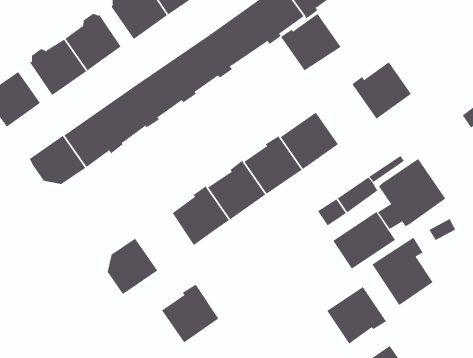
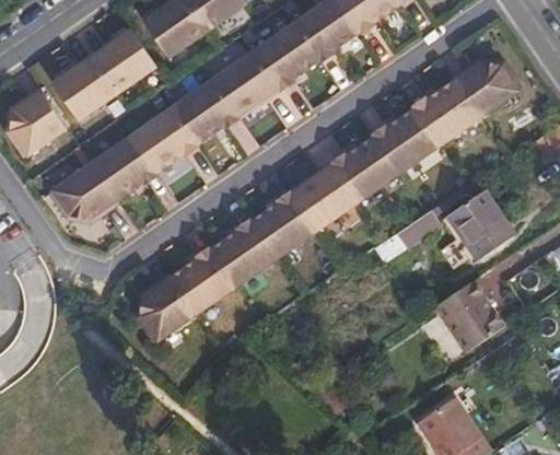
building: [280,13,341,71] -> [371,108,439,173]
building: none -> [453,63,516,117]
building: [332,211,396,270] -> none
building: [161,284,219,343] -> [171,247,235,313]
building: [326,286,387,344] -> none

